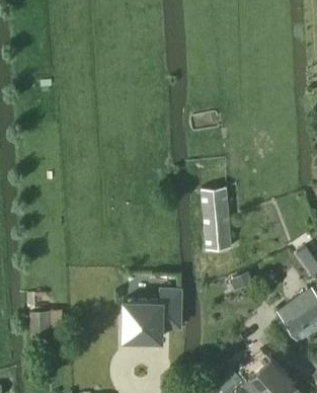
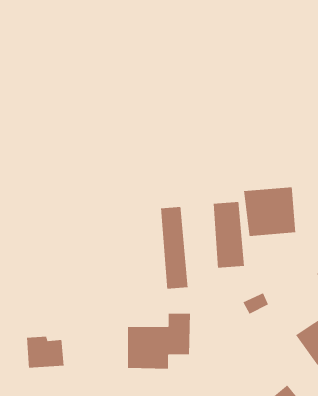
building: none -> [244,187,296,237]
building: none -> [161,206,188,290]

